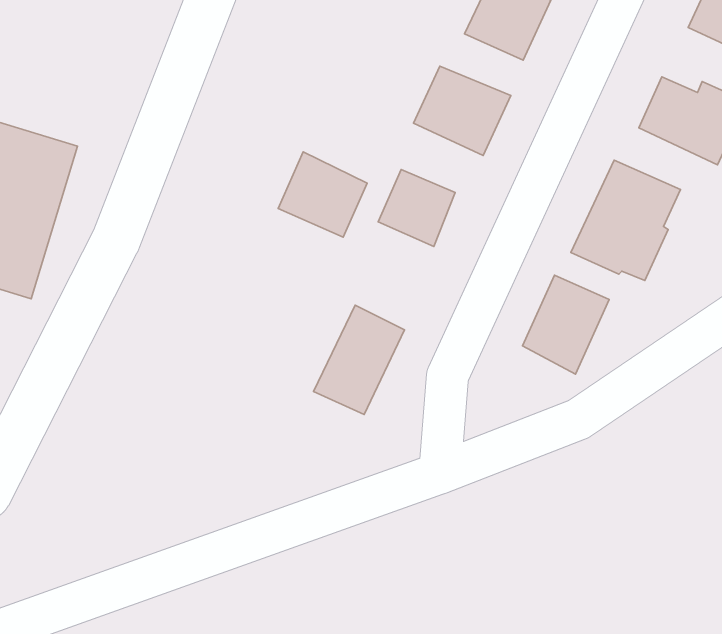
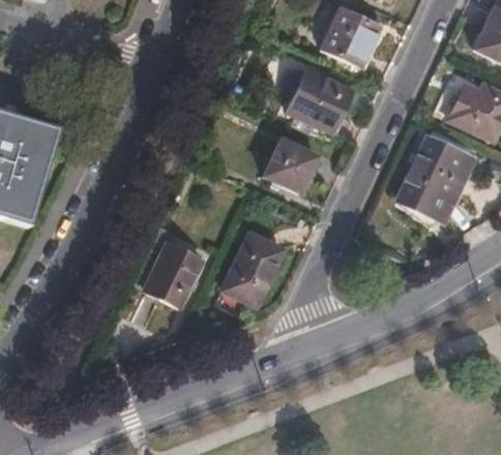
building: [278,152,367,237] -> none
building: [522,275,609,374] -> none
building: none -> [143,244,200,308]

